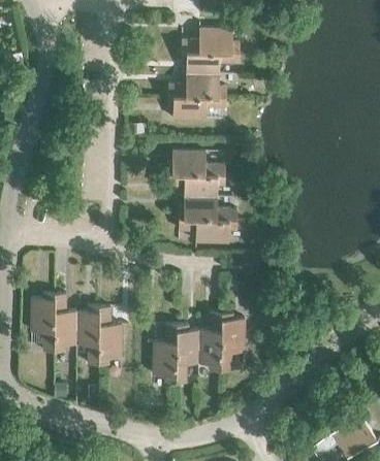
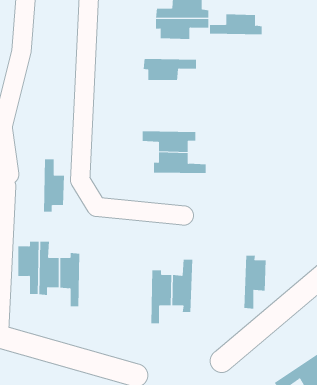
building: [168,74,226,97] -> [209,14,262,35]
building: [166,152,225,175] -> none
building: [178,220,236,243] -> none
building: [98,307,122,365] -> [43,159,65,212]
building: [220,314,245,372] -> [244,255,266,309]
building: [153,325,177,384] -> none

